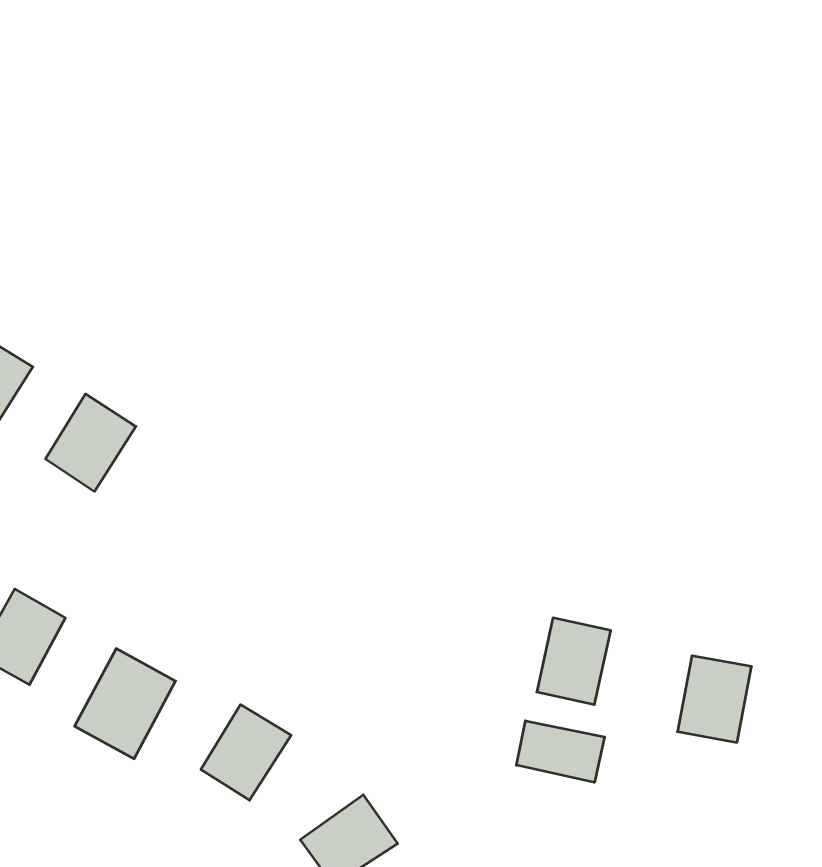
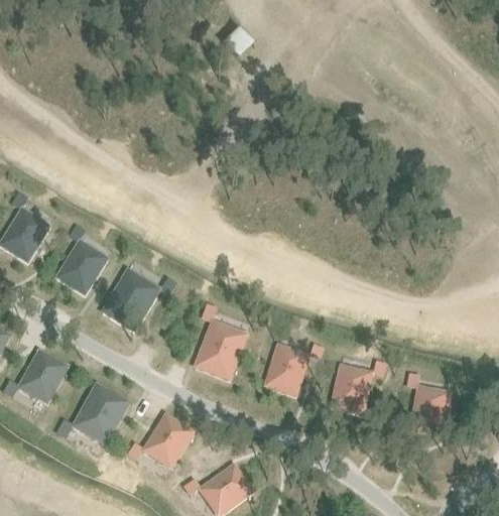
building: none -> [102,268,159,331]
building: none -> [194,319,247,380]
building: none -> [264,344,308,395]
building: [516,721,605,782] -> none

